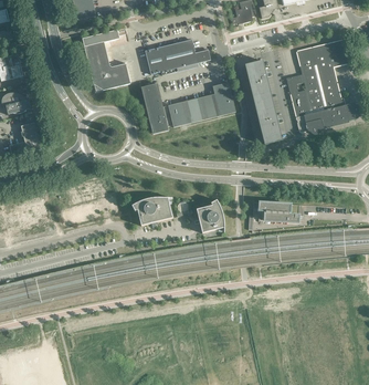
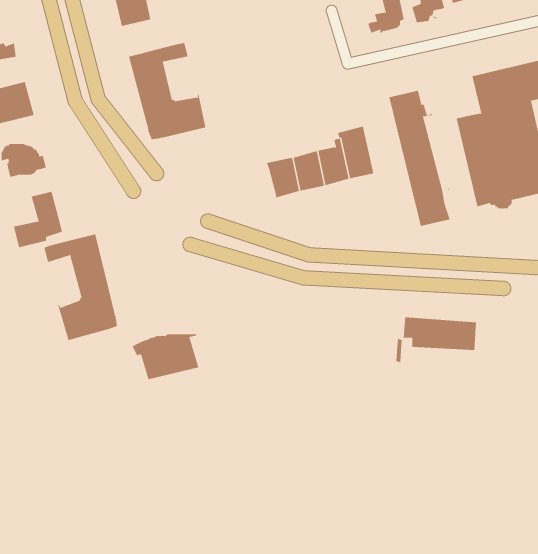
building: [146,39,211,74] -> none
building: [141,83,173,134] -> none
building: none -> [44,234,117,341]
building: [131,197,173,226] -> [132,334,199,380]
building: [197,199,224,232] -> none

